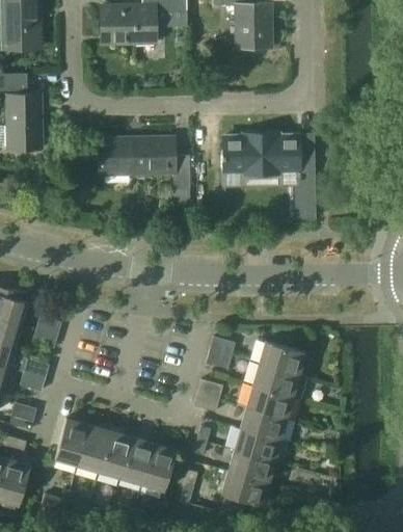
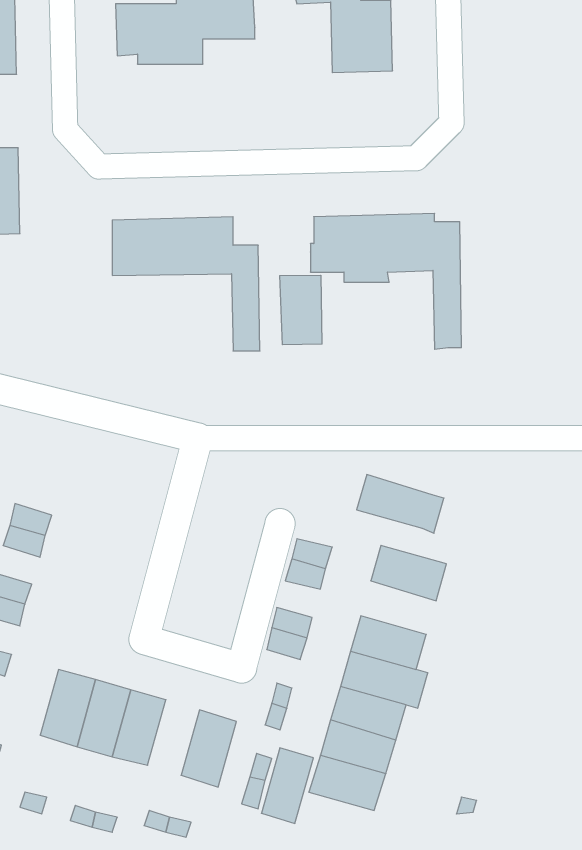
building: none -> [280,275,322,345]
building: [252,363,306,399] -> [357,475,444,533]
building: [120,436,153,483] -> [261,748,313,823]

